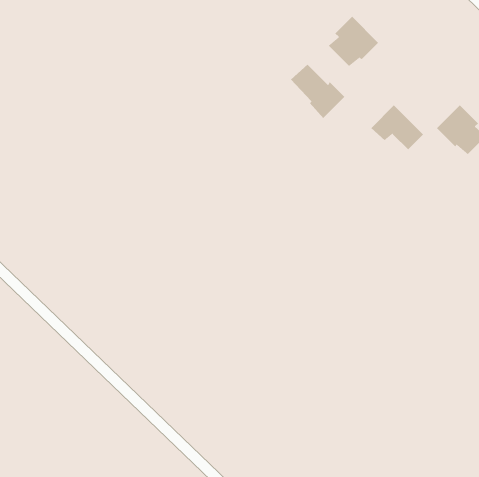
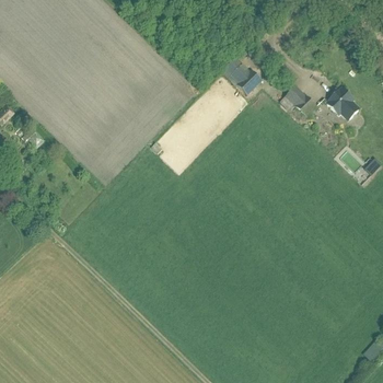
building: [328,16,379,67] -> none

